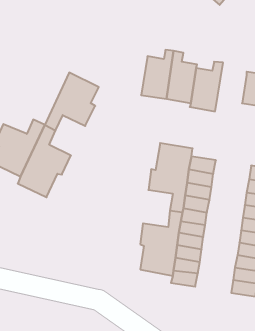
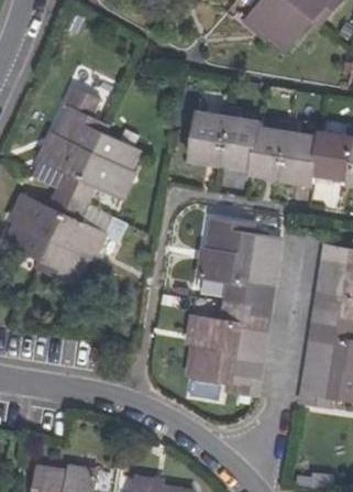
building: none -> [38,85,106,196]
building: none -> [279,120,318,184]

